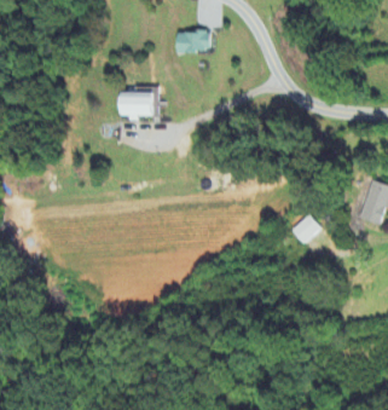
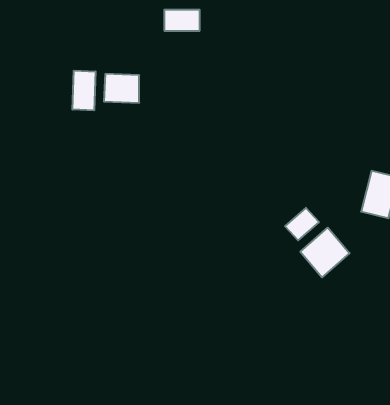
building: none -> [72,71,96,110]
building: none -> [300,228,350,277]

